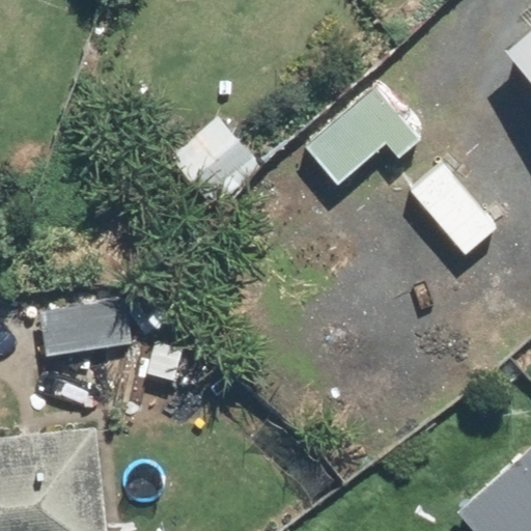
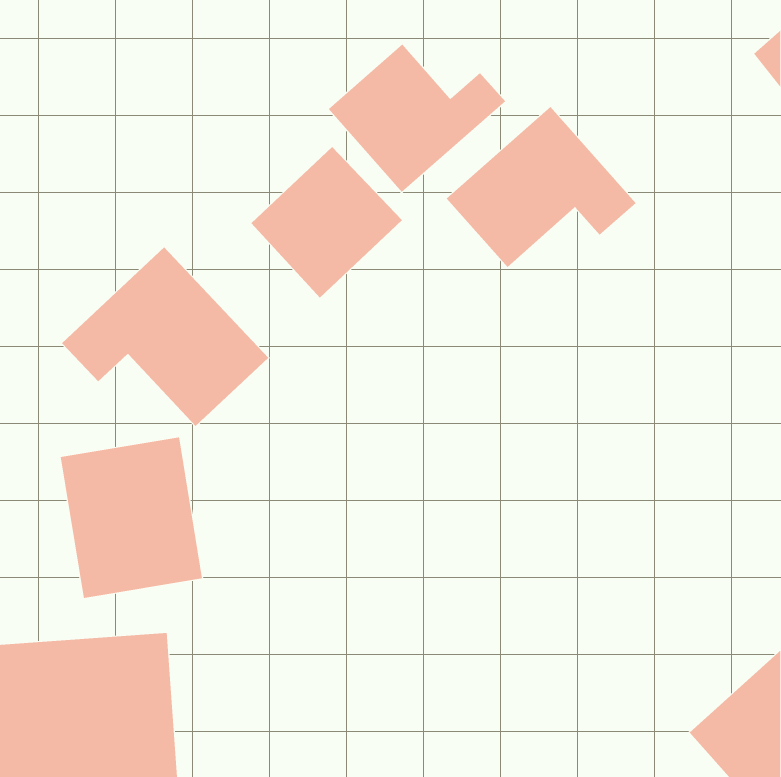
building: none -> [328,44,506,193]
building: none -> [61,247,269,427]

